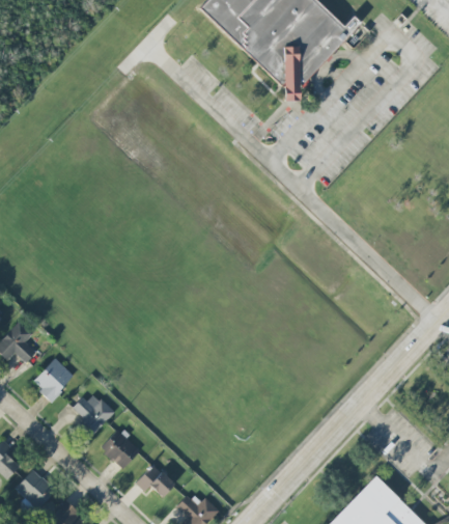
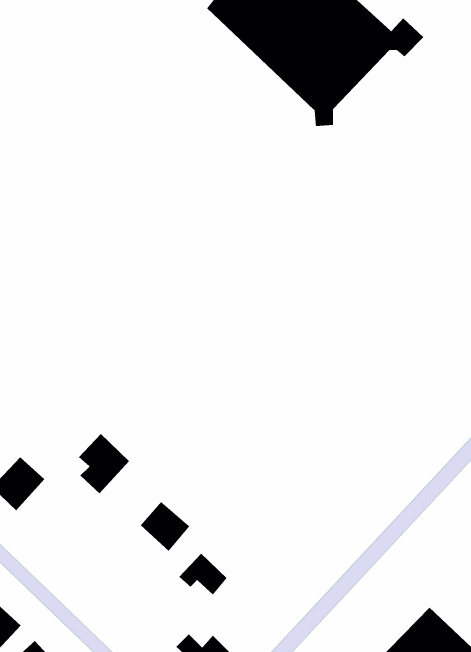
building: [74,390,114,438] -> [78,433,130,494]
building: [101,430,140,469] -> [140,501,190,552]
building: [136,464,174,497] -> [178,553,228,595]

